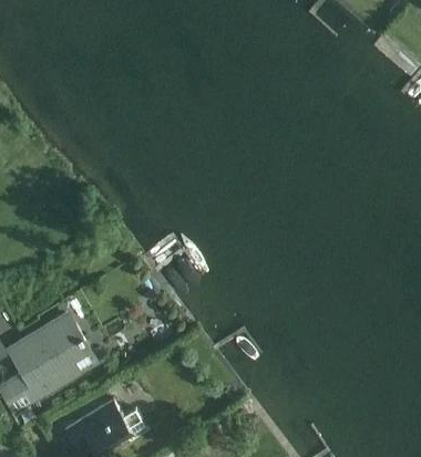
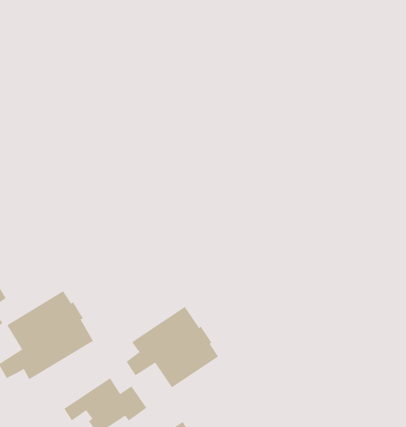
building: none -> [126,306,219,388]

